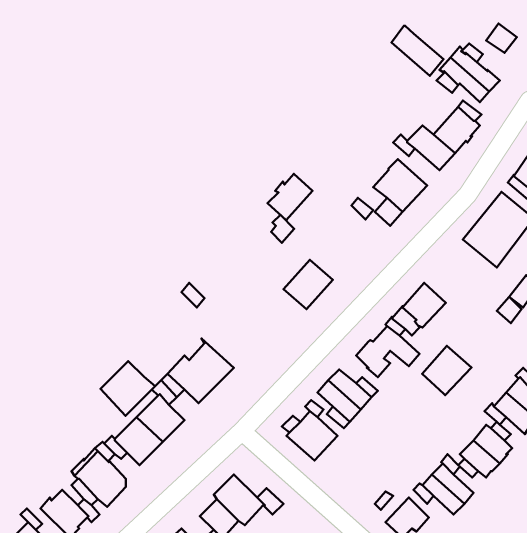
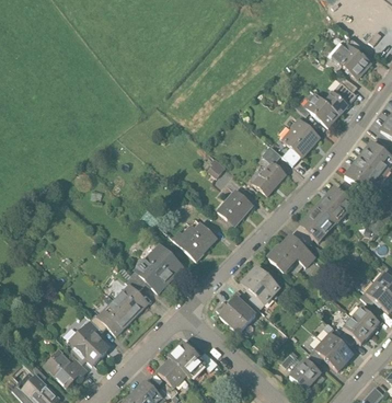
building: [392,26,444,76] -> none
building: [268,174,312,220] -> [254,162,286,195]
building: none -> [182,223,217,261]
building: [422,346,472,395] -> [318,186,353,221]
building: [100,361,155,416] -> none

